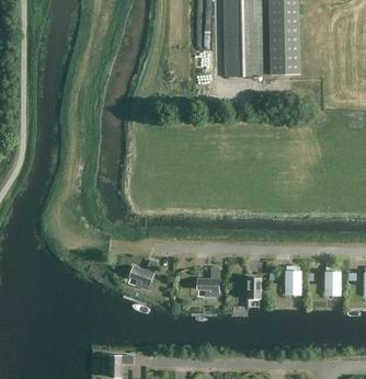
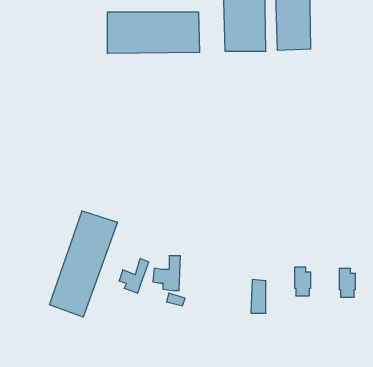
building: none -> [107,12,200,54]
building: none -> [50,211,117,317]
building: [196,266,220,297] -> [153,256,180,291]

